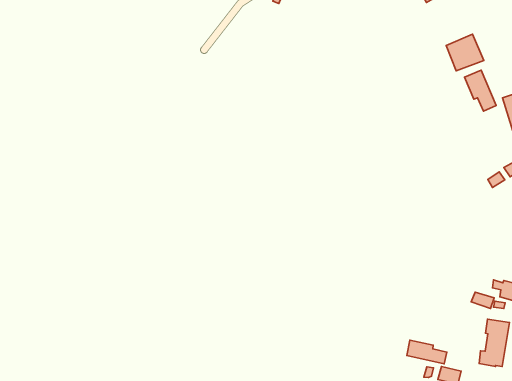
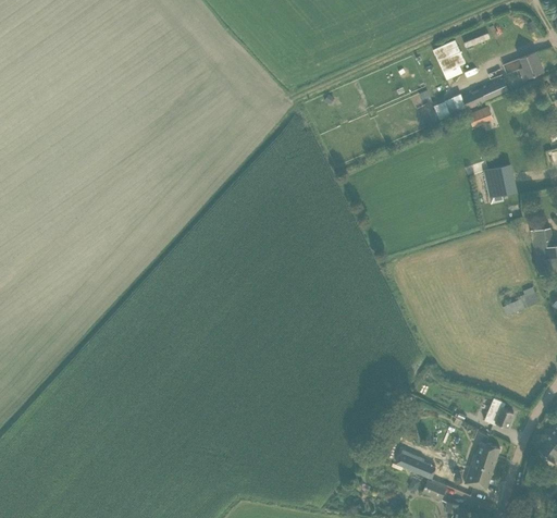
building: [465,70,496,111] -> none

